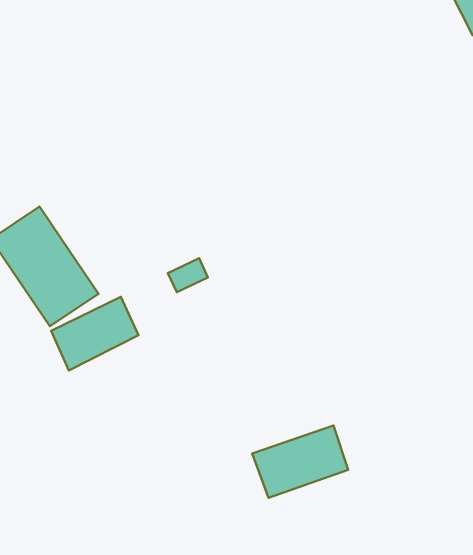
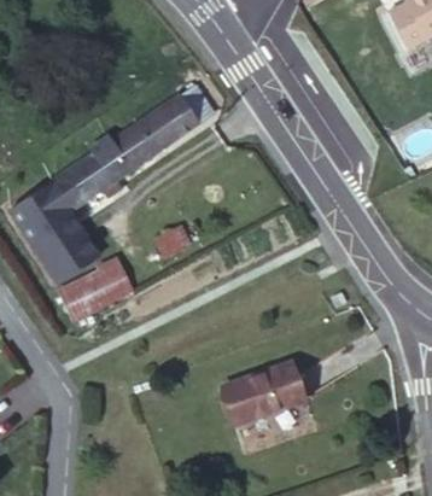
building: none -> [52,88,214,212]

